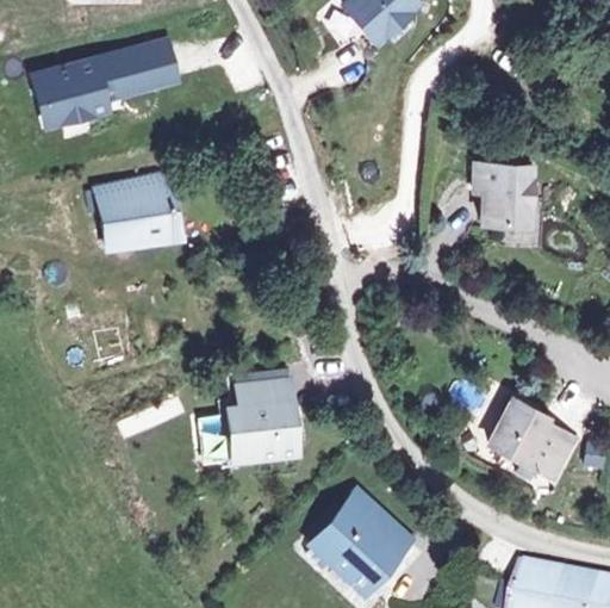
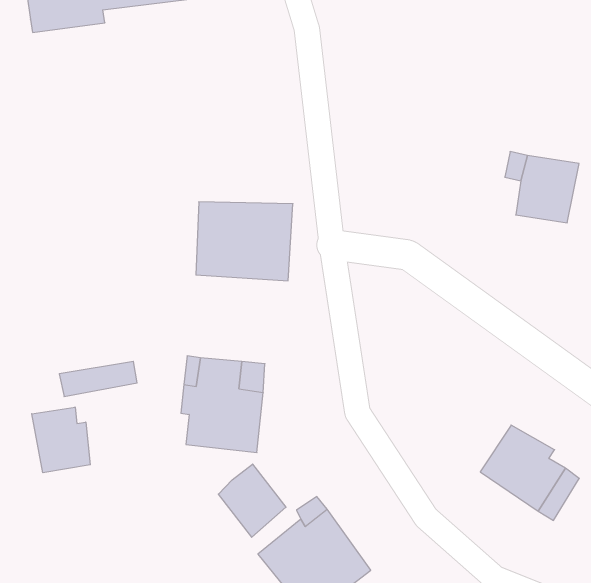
building: [93,179,180,253] -> [196,202,293,281]
building: none -> [32,407,90,473]
building: none -> [218,464,286,537]

